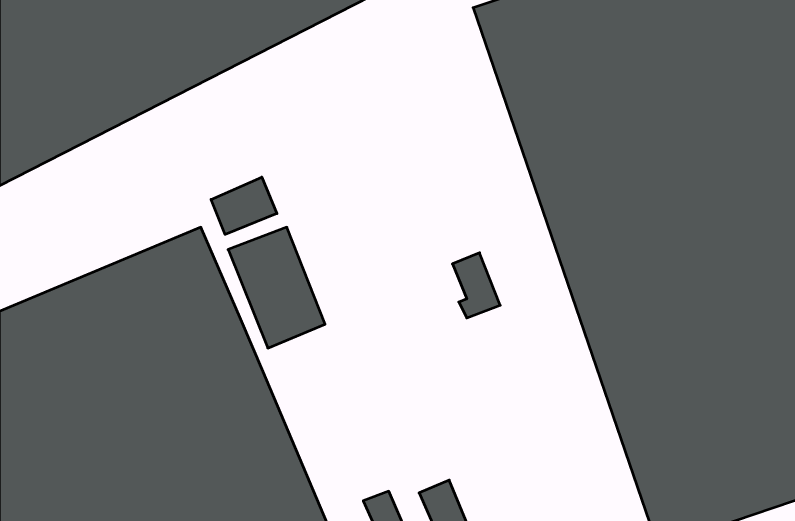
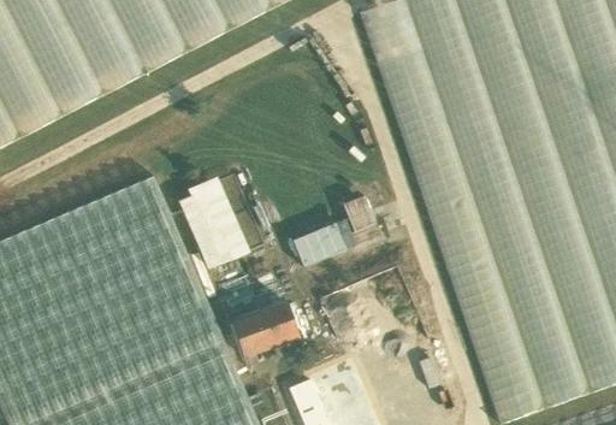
building: [211,177,277,234] -> none
building: none -> [294,223,346,265]
building: none -> [233,302,300,356]

